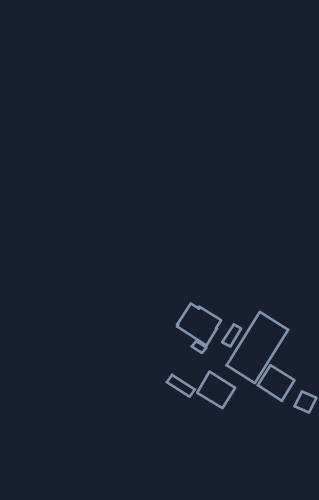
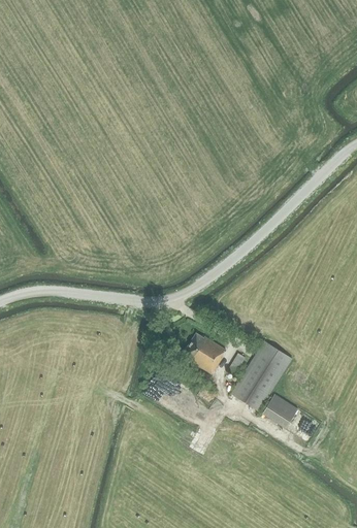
building: [197,372,235,408] -> none

